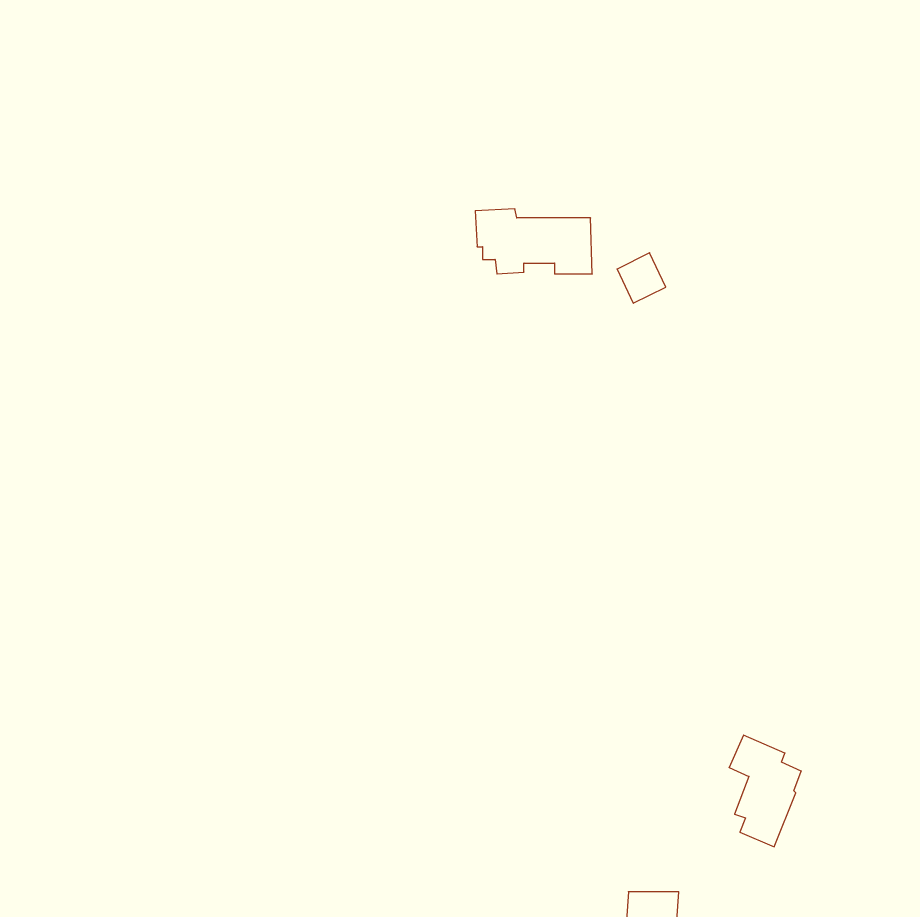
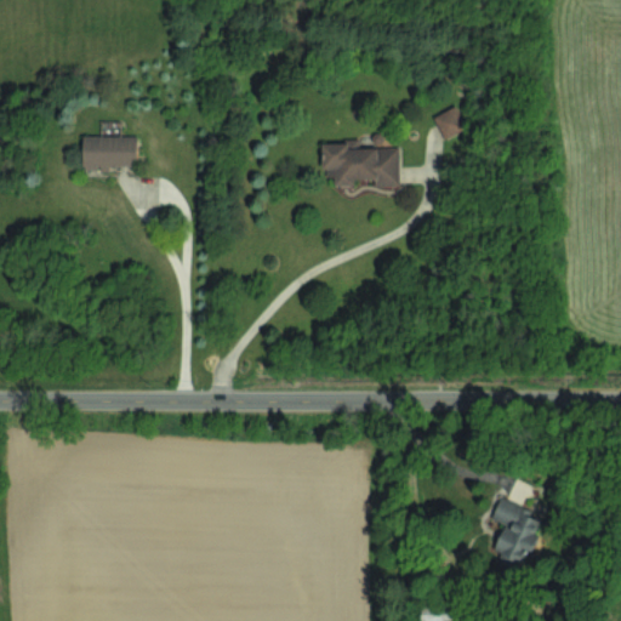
building: none -> [82,136,136,172]
building: [617,253,666,303] -> [433,107,466,141]

